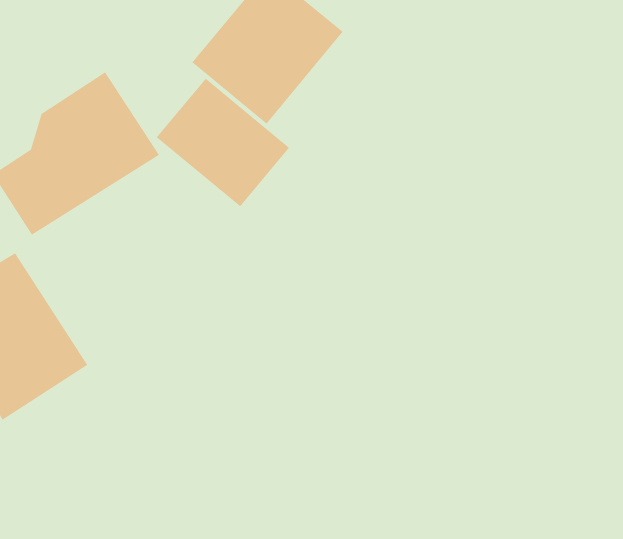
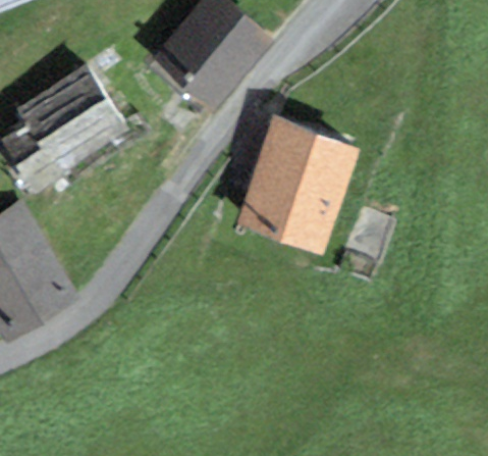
building: [156,78,290,207] -> none
building: none -> [235,116,356,250]

